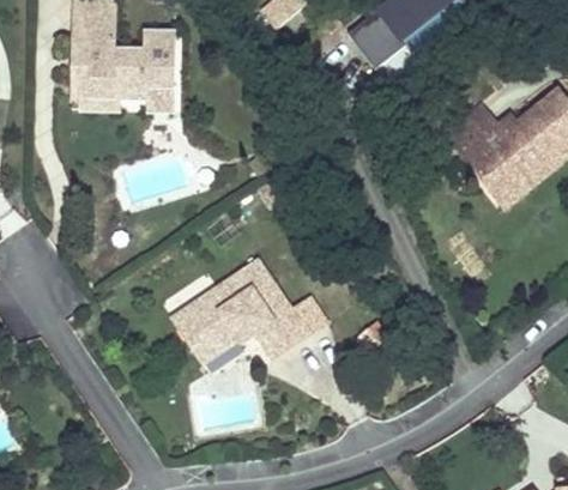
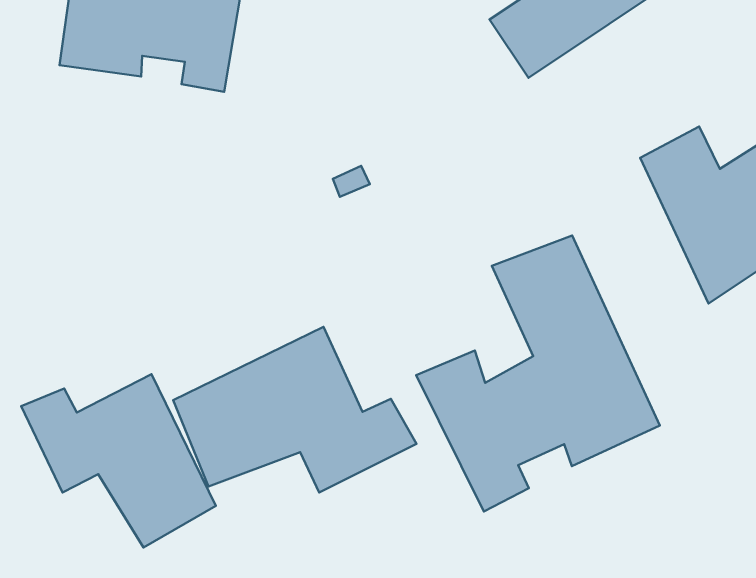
building: none -> [416,236,660,511]
building: none -> [21,374,216,548]

